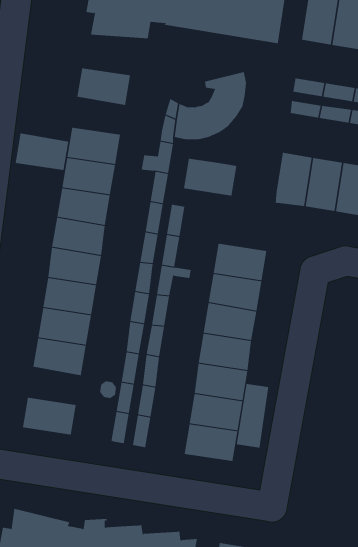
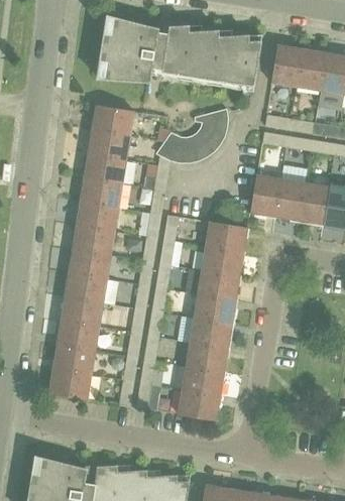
building: [15,133,69,171] -> [88,129,131,159]
building: [183,158,237,196] -> [205,222,248,252]
building: none -> [52,345,96,375]
building: [236,383,269,449] -> none

